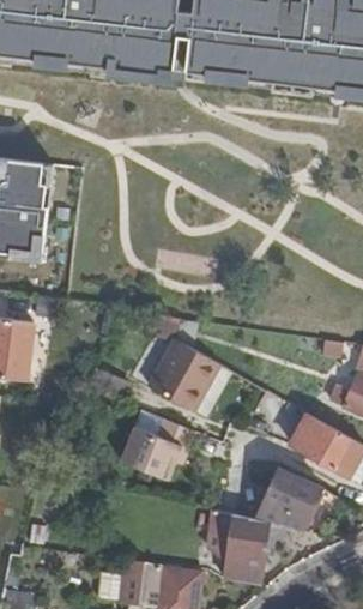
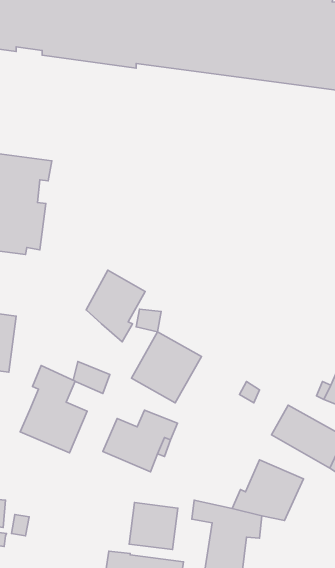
building: none -> [86,270,145,342]
building: none -> [20,366,87,453]
building: none -> [129,503,178,550]

